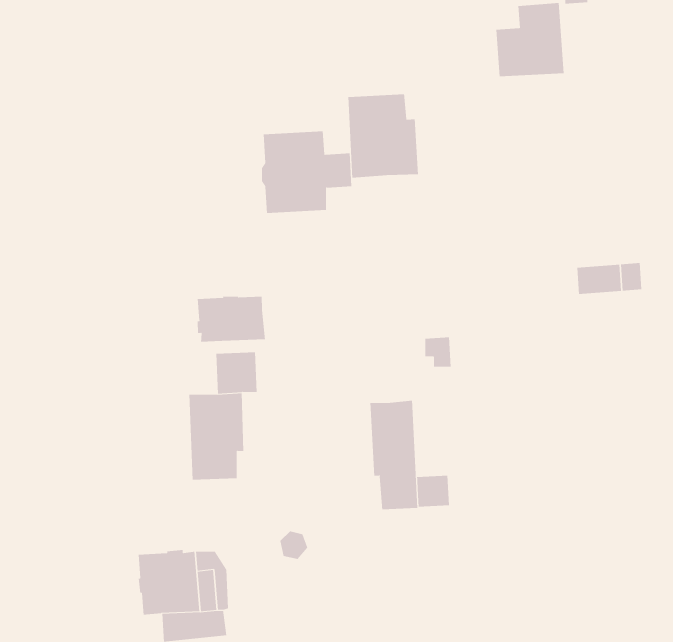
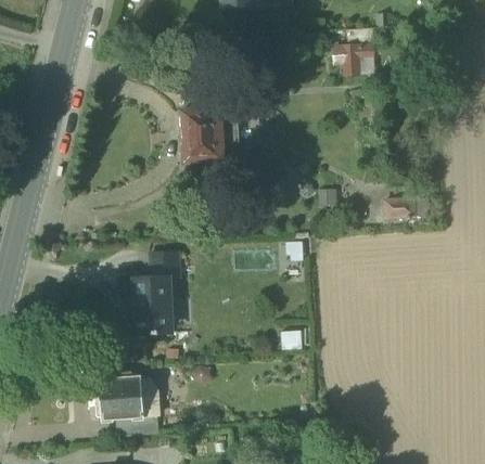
building: [348,93,419,178] -> none
building: [197,296,265,343] -> none
building: [370,400,418,510] -> none

